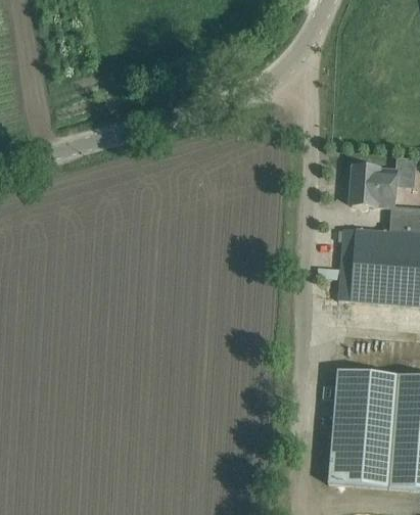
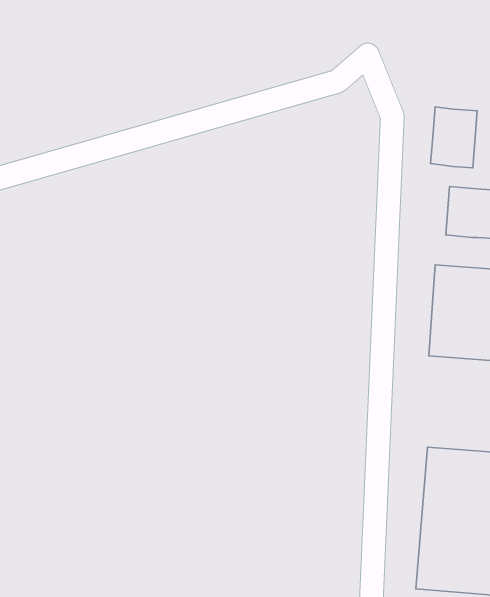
building: none -> [431,107,477,168]

